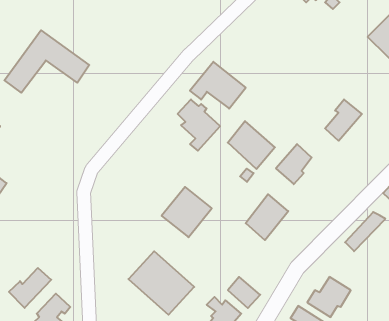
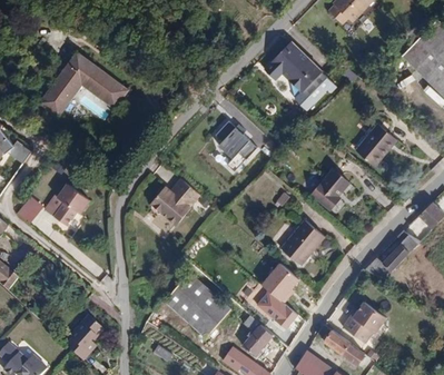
building: [190,62,246,109] -> [267,47,323,93]
building: [228,121,275,169] -> none
building: none -> [45,178,88,220]
building: [162,187,212,237] -> [149,172,199,223]
building: none -> [258,259,295,298]
building: [9,268,51,308] -> none

